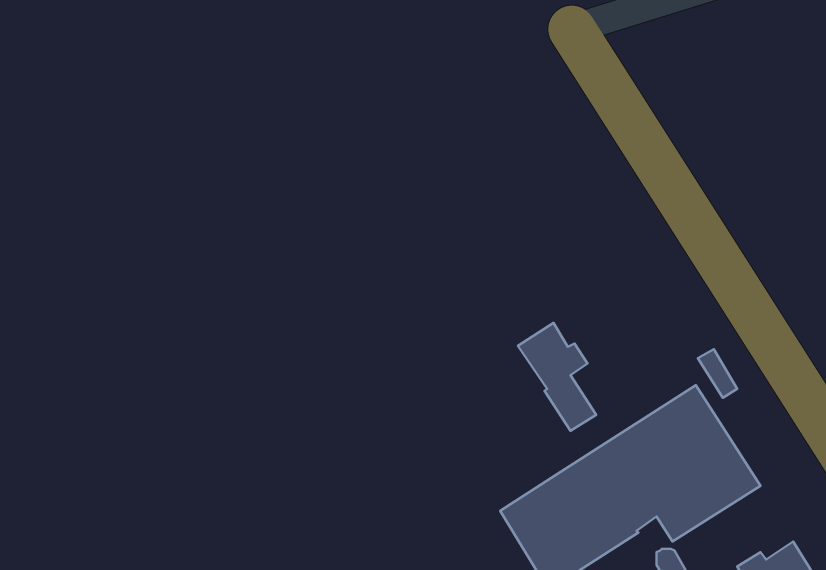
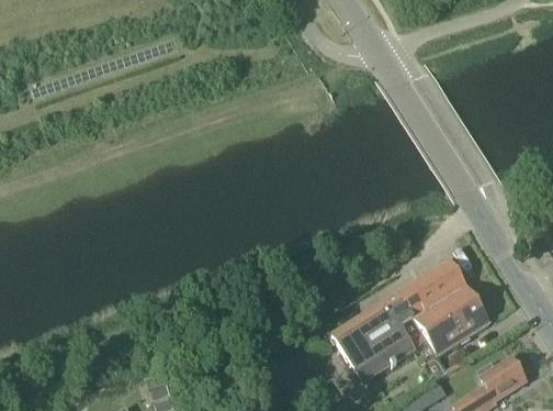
building: [518,323,596,431] -> none

